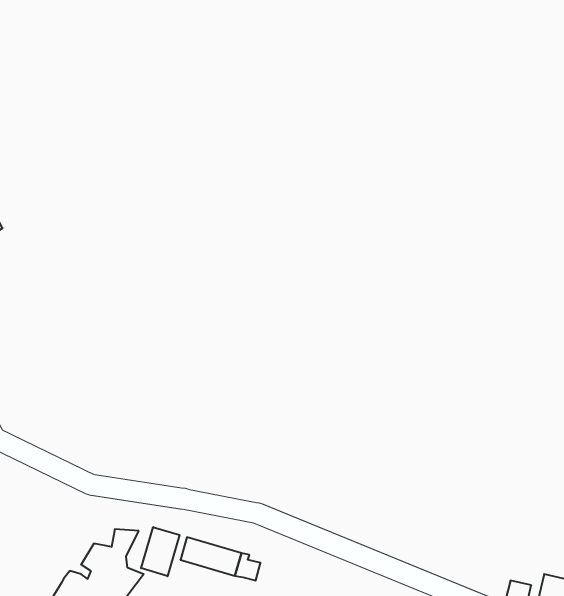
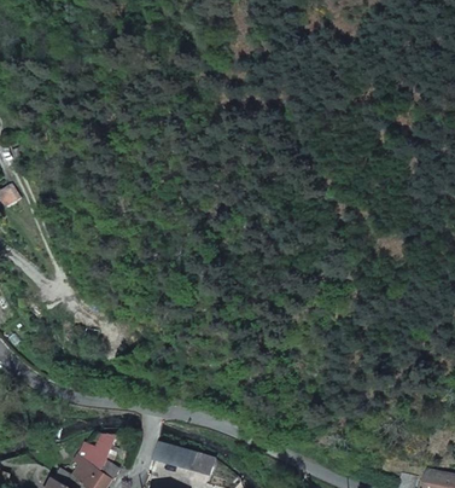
building: [141,527,180,576] -> none

